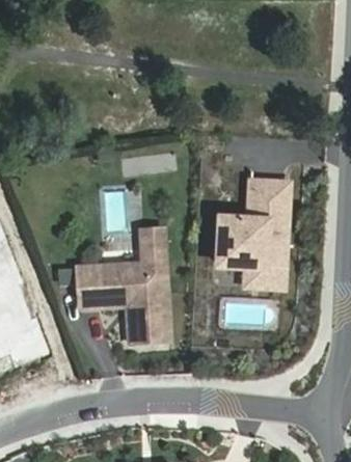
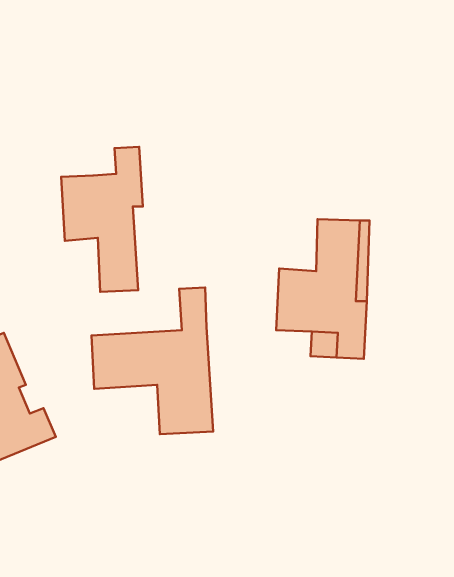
building: none -> [61,147,143,292]

